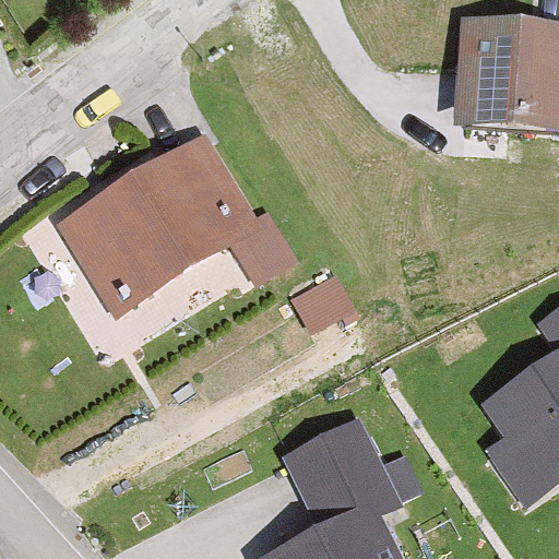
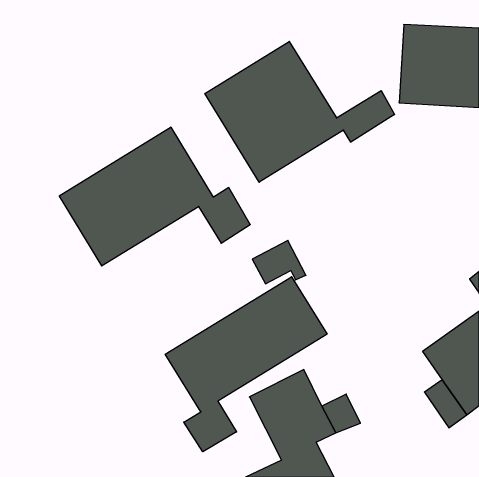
building: none -> [205,41,395,182]
building: none -> [165,277,327,452]

